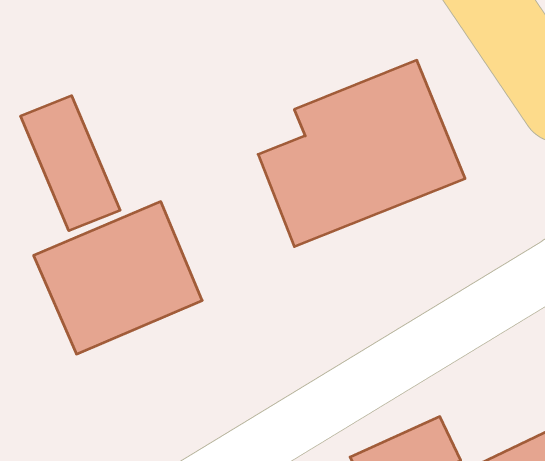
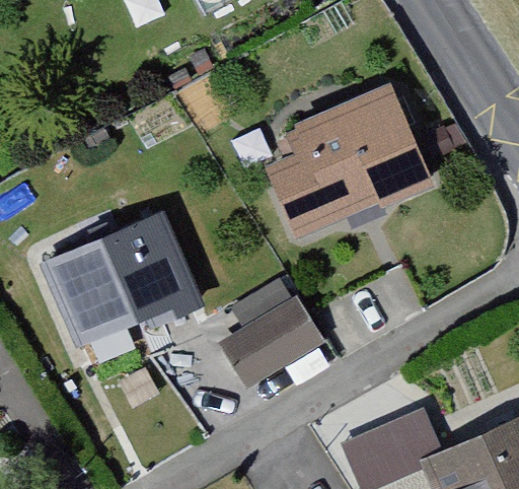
building: [21,96,120,231] -> none
building: none -> [218,292,329,393]

